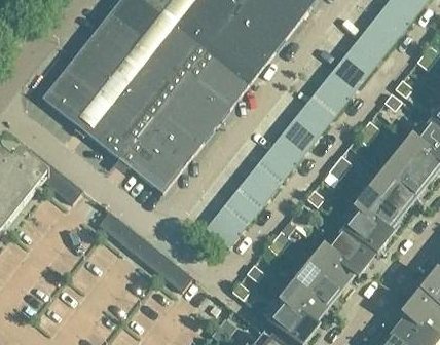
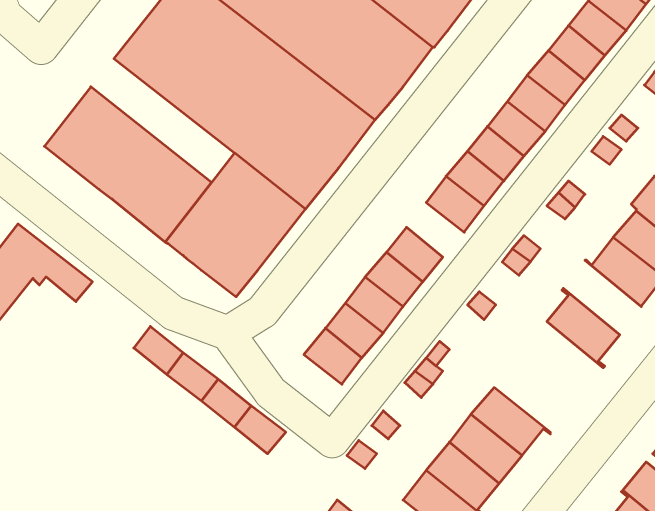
building: [72,44,161,121] -> none
building: [268,133,304,167] -> none
building: [366,169,414,216] -> none
building: [344,207,391,254] -> none
building: [323,233,372,276] -> none

